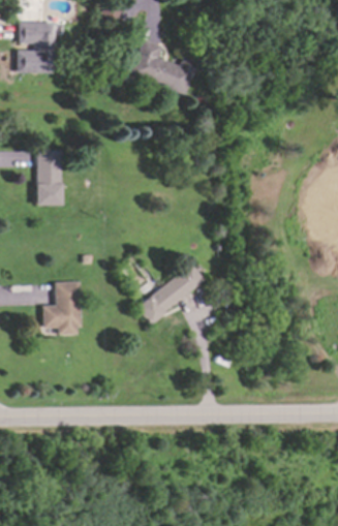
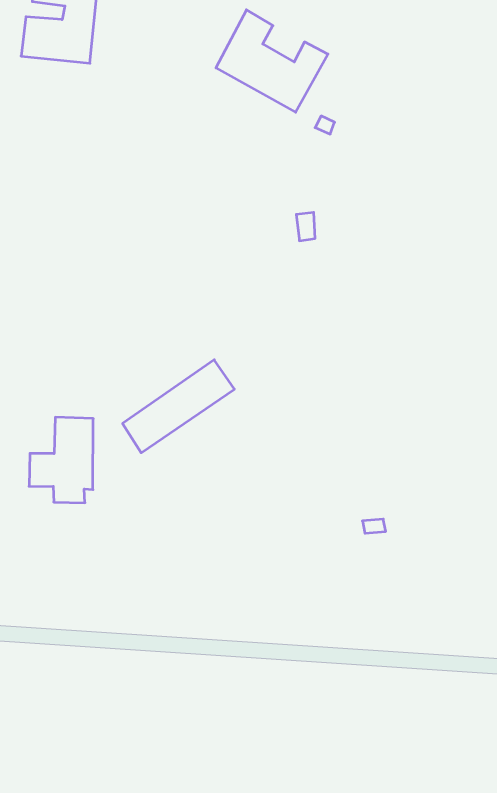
building: [39,149,63,205] -> none
building: [139,266,204,324] -> [123,360,234,453]

